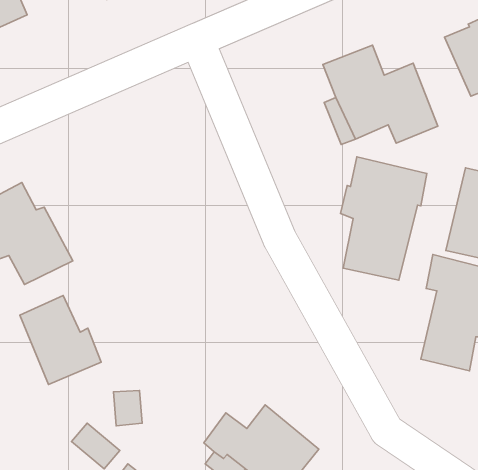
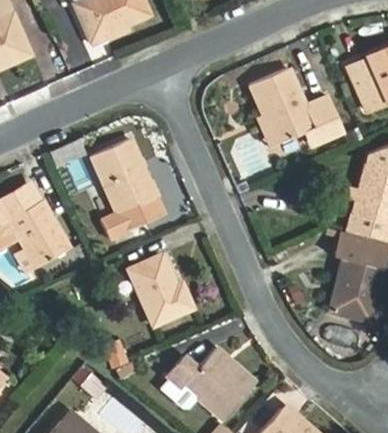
building: none -> [92,139,163,239]
building: [341,157,427,280] -> none
building: [20,296,101,385] -> [127,260,189,328]

